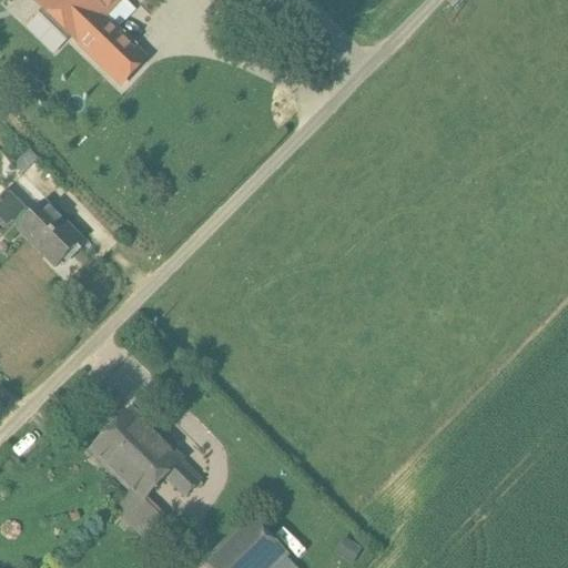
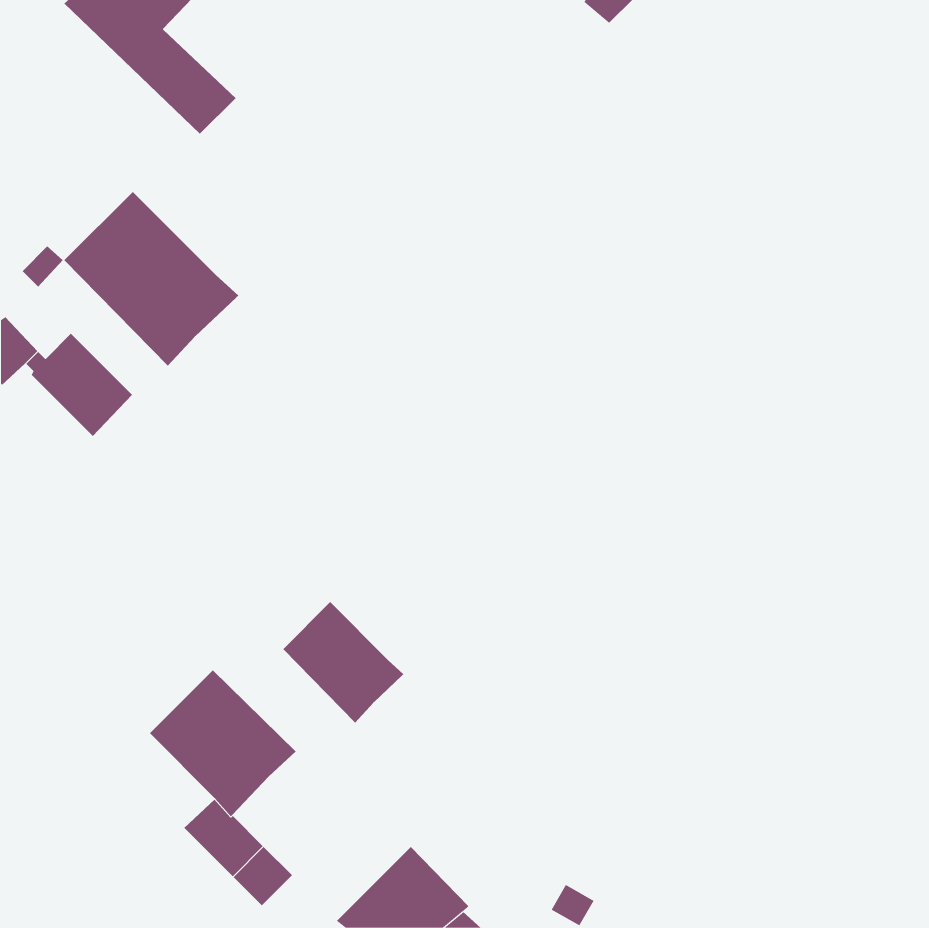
building: none -> [64,191,239,367]
building: none -> [282,601,404,723]
building: [164,458,200,493] -> none

